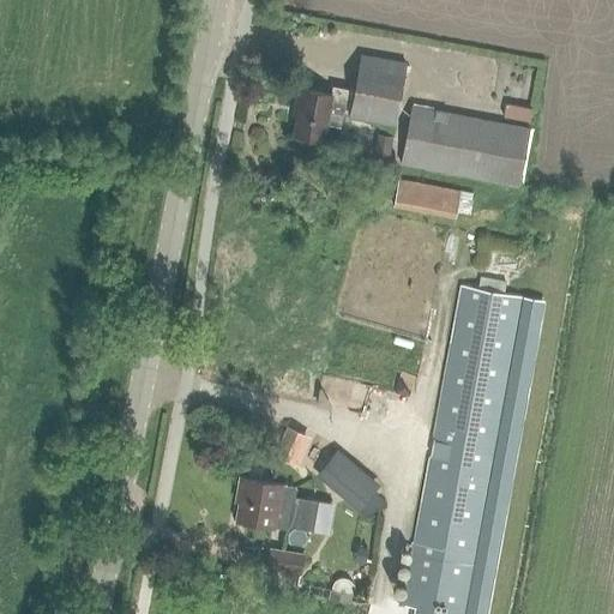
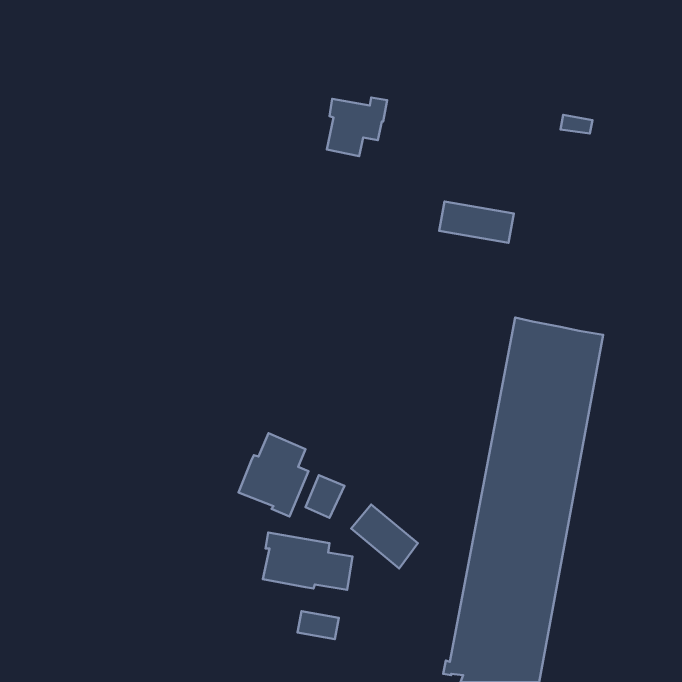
building: [350,55,405,126] -> none
building: [402,108,530,185] -> none
building: none -> [239,433,308,516]

